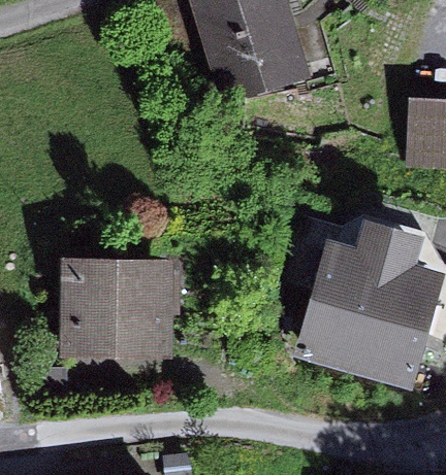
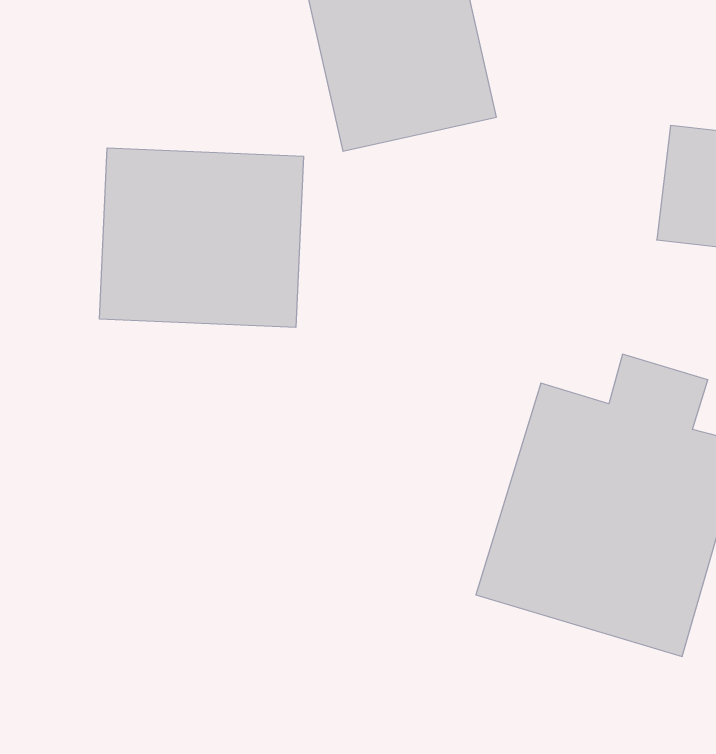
building: none -> [100,148,303,327]
building: [62,252,182,350] -> none

